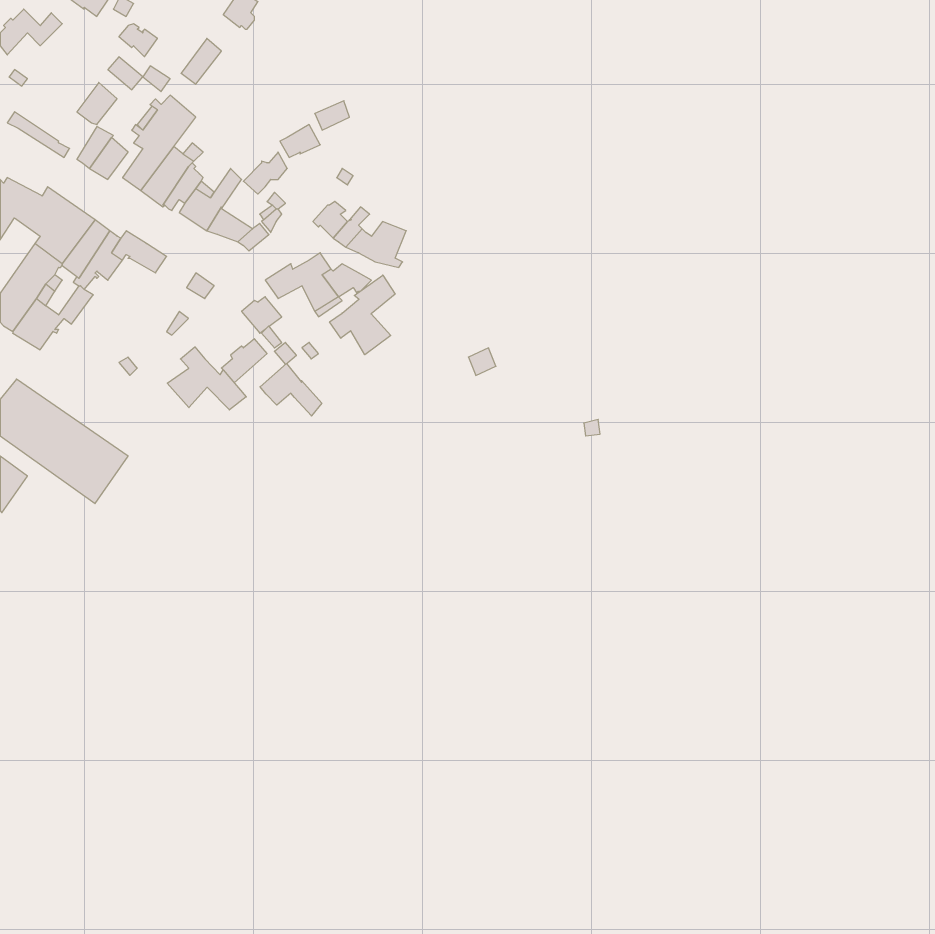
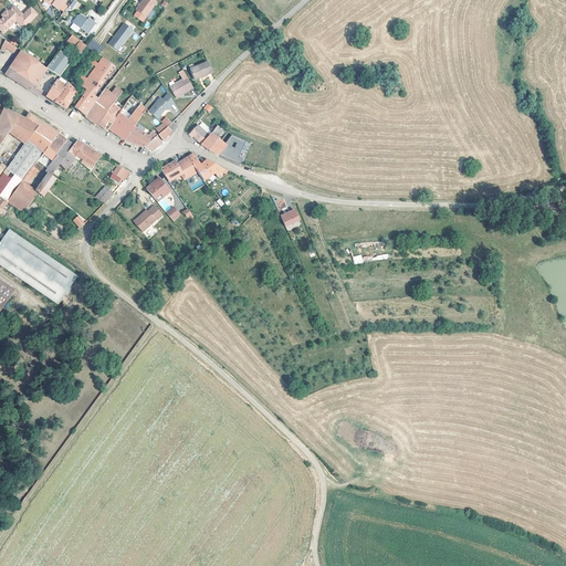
building: none -> [9,50,46,85]
building: [330,275,395,355] -> none
building: [167,347,246,410] -> none
building: [260,364,322,416] -> none

